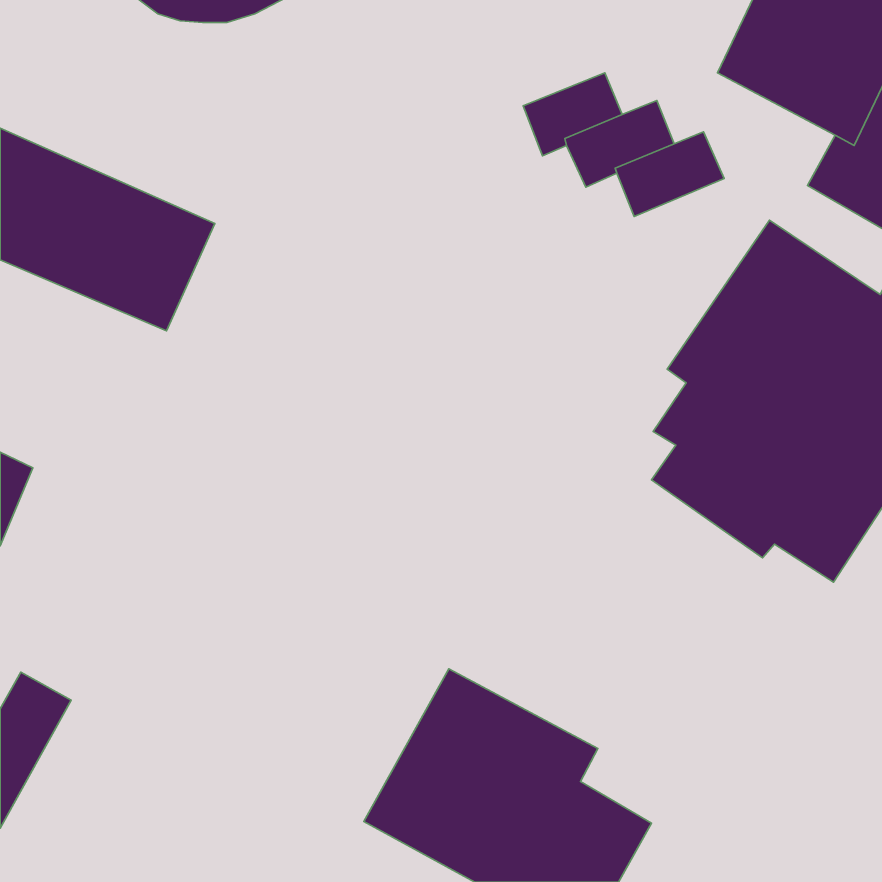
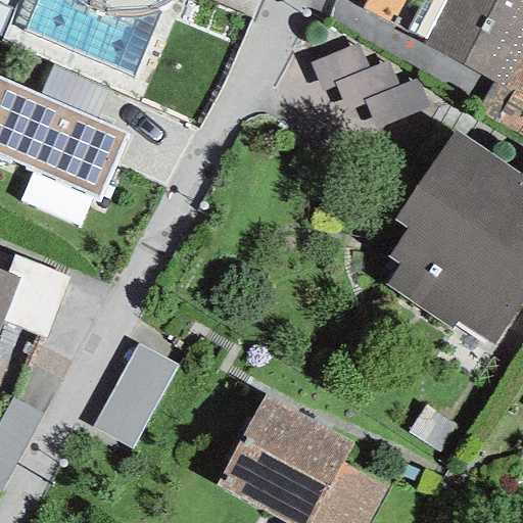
building: none -> [95,342,178,445]

